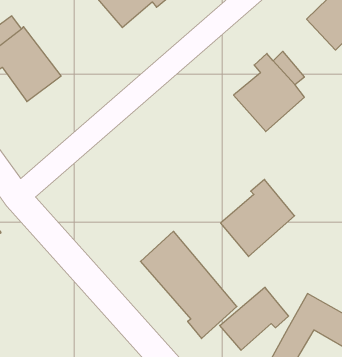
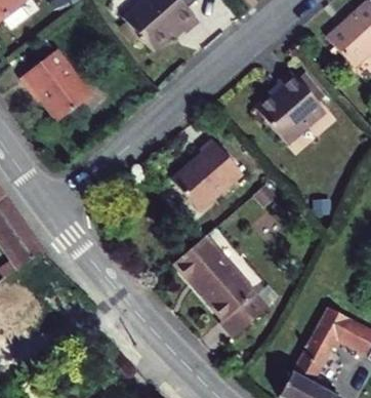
building: [221,179,295,257] -> [170,145,241,218]
building: [220,287,289,350] -> none

